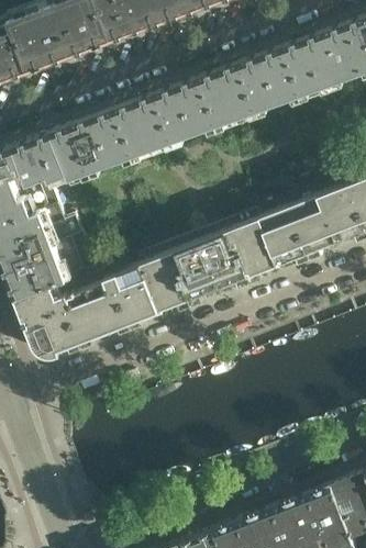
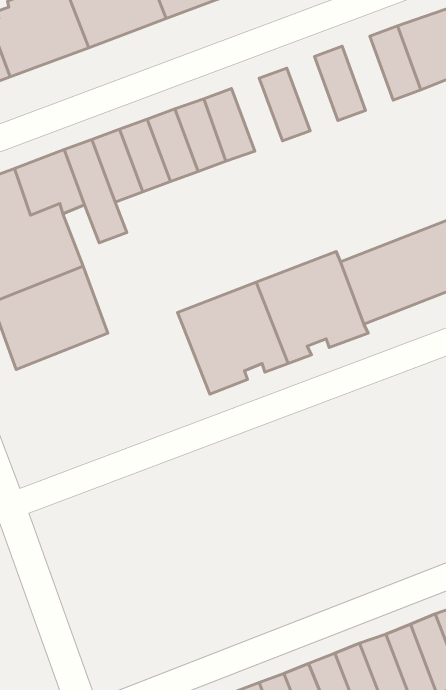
building: [263,47,301,103] -> none
building: [221,63,259,119] -> none
building: [179,79,218,134] -> none
building: [16,265,163,357] -> none

